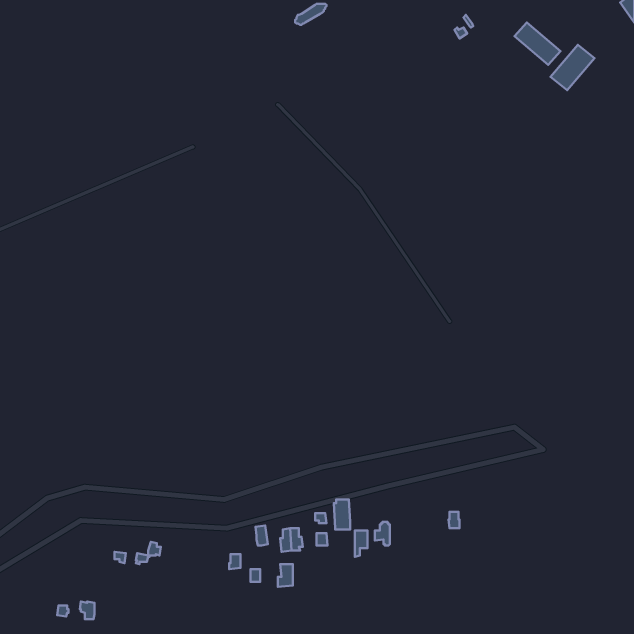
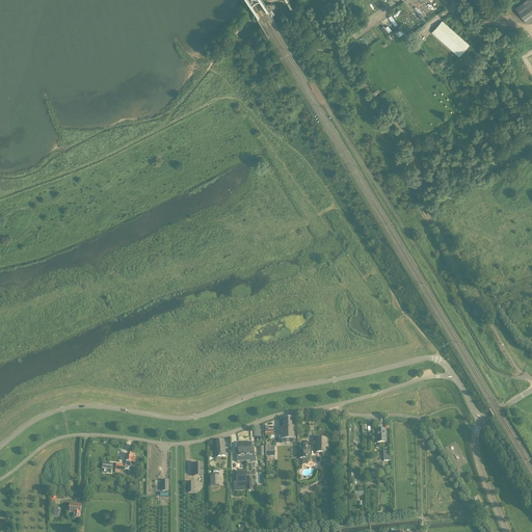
building: [551,45,594,90] -> none

